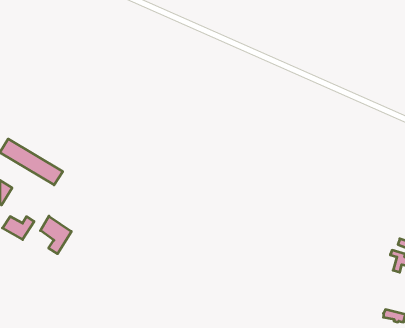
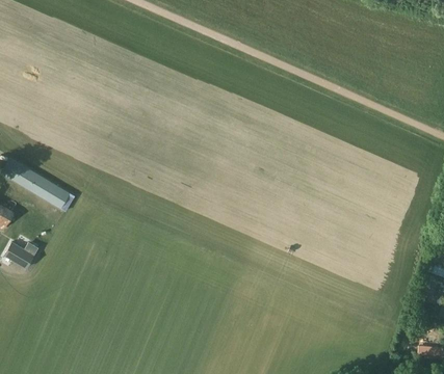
building: [40,216,71,254] -> none

